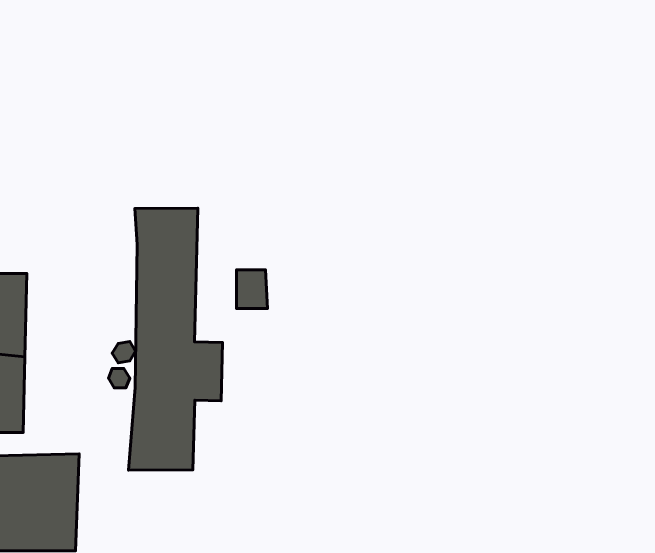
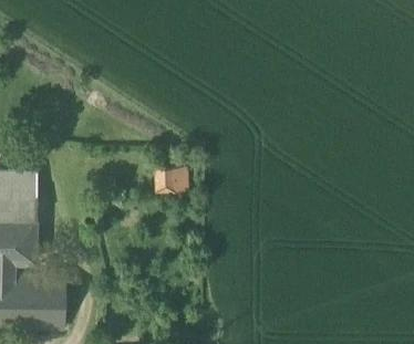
building: [129,208,222,470] -> none

